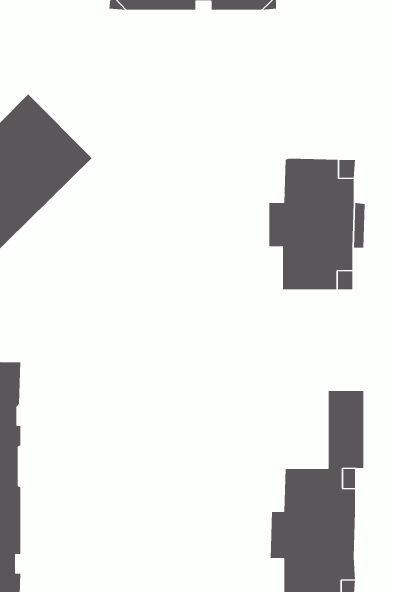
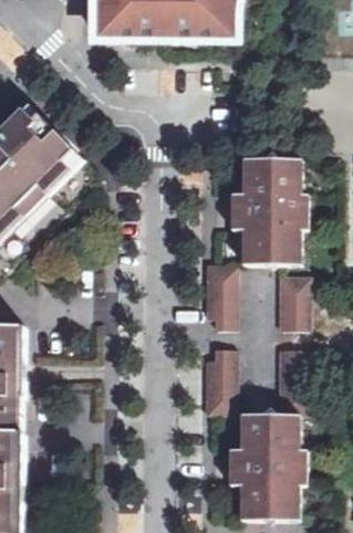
building: none -> [205,262,237,326]
building: none -> [279,274,310,327]
building: none -> [205,346,237,411]

